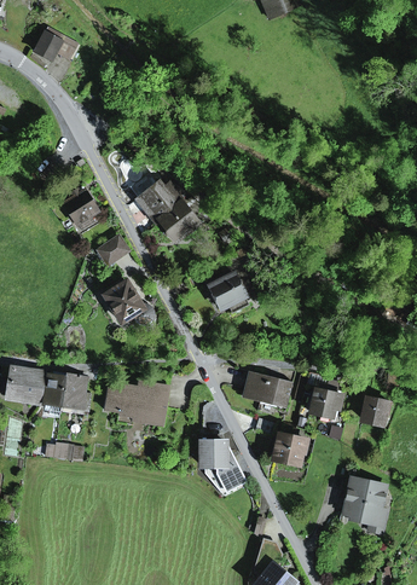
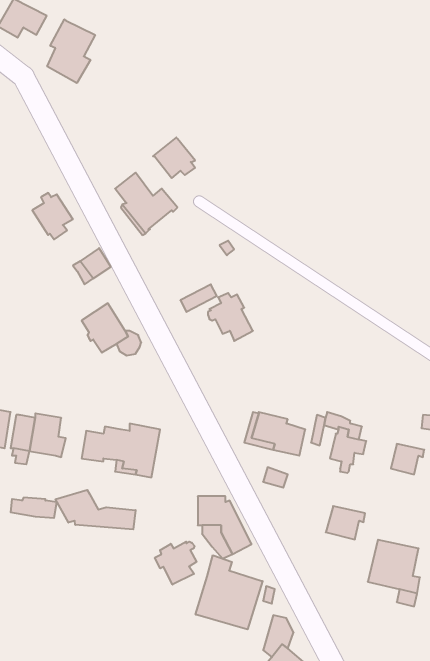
building: none -> [47,19,95,83]
building: [161,203,196,237] -> [153,137,195,178]
building: [274,435,307,463] -> [326,506,365,539]
building: none -> [55,490,136,529]
building: none -> [155,542,197,585]
building: none -> [196,555,263,629]

